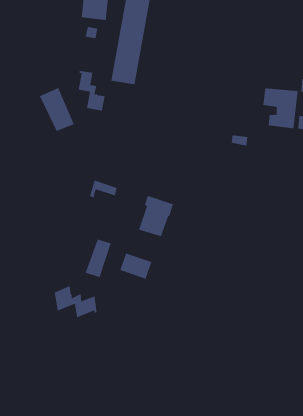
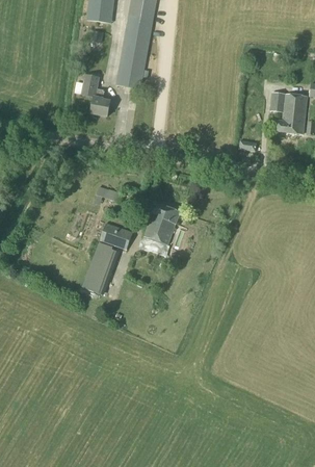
building: [39,87,75,132] -> none
building: [120,253,152,279] -> [99,222,132,249]
building: [54,285,97,318] -> none

